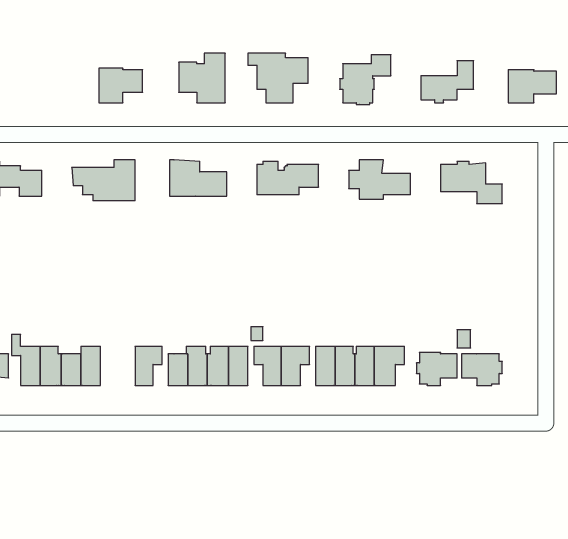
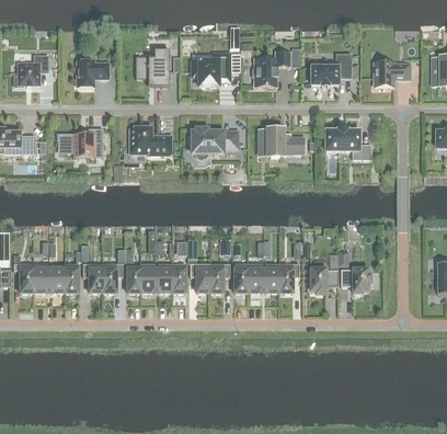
building: none -> [14,54,48,85]
building: none -> [82,263,103,292]

